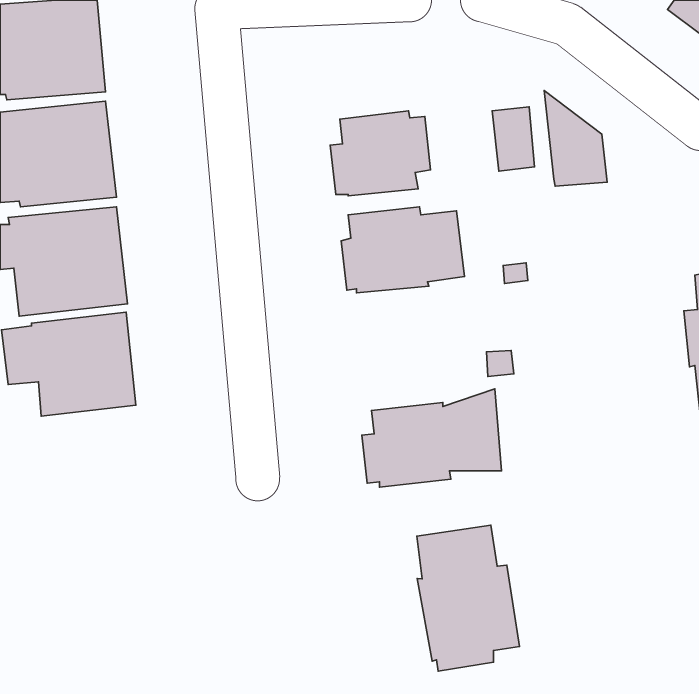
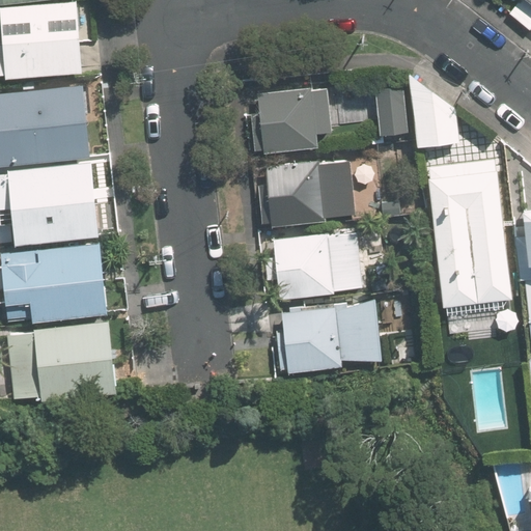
building: none -> [428,161,511,306]
building: none -> [267,226,363,300]
building: none -> [6,323,114,399]
building: [417,525,520,671] -> none

